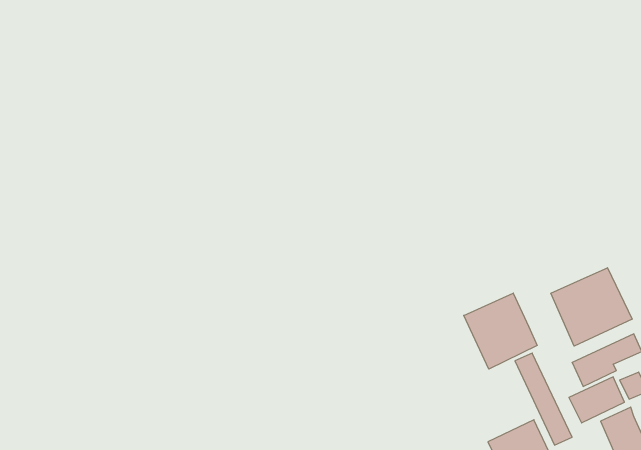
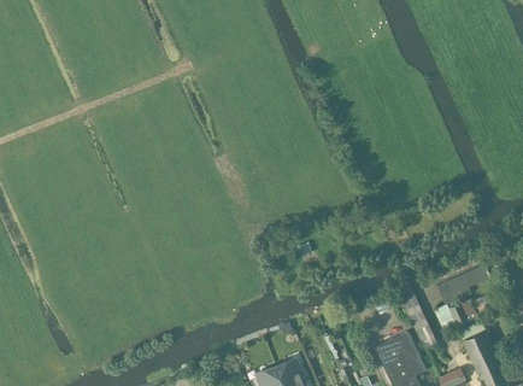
building: [551,268,632,346] -> none
building: [464,293,537,369] -> none

